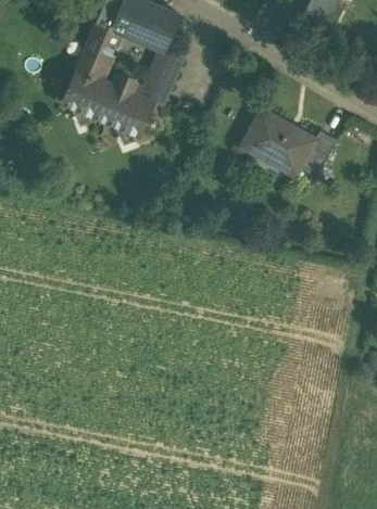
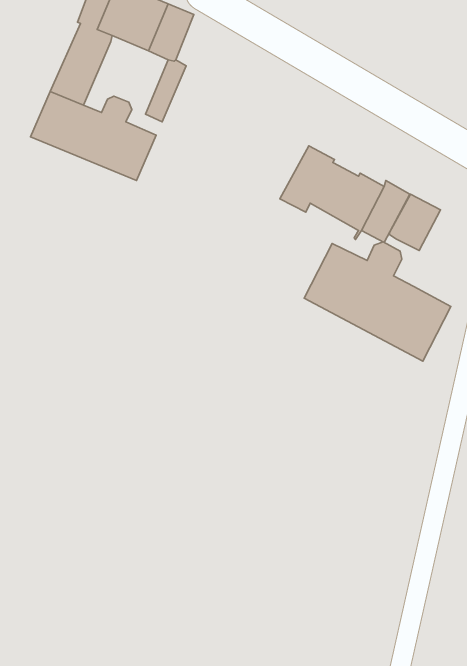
building: [130,52,186,106] -> none
building: none -> [390,194,440,250]
building: none -> [304,242,451,361]

